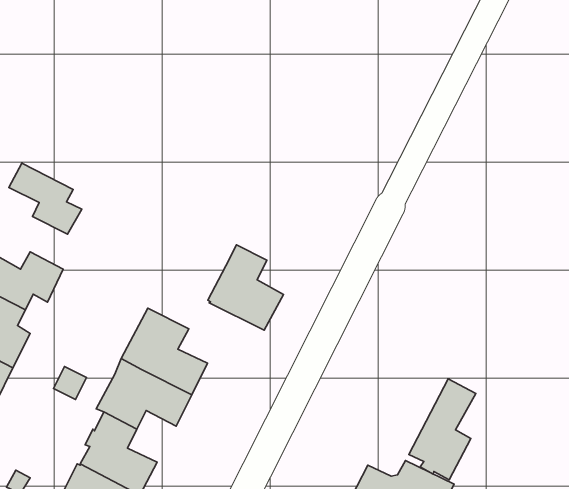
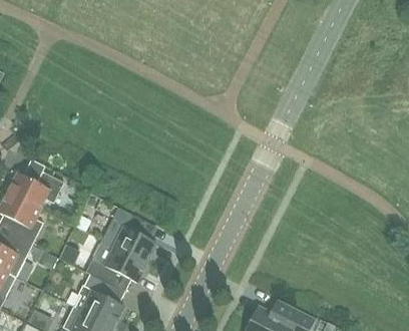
building: [9,163,82,234] -> none
building: [208,245,283,330] -> none
building: [409,379,476,480] -> none

